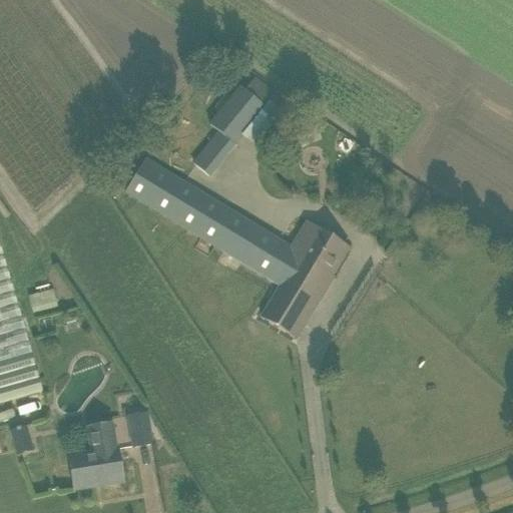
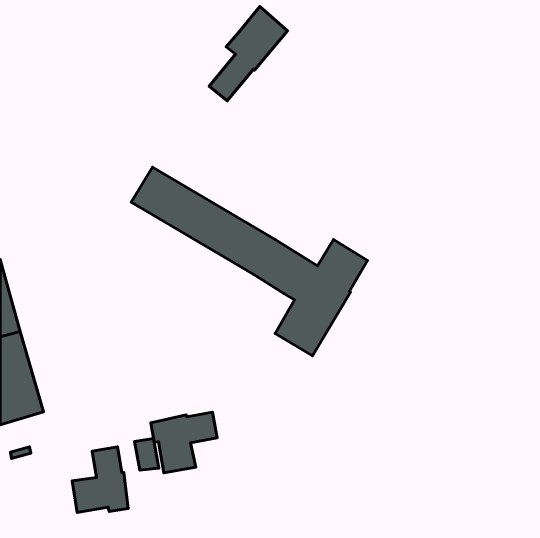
building: [192,86,267,175] -> [209,7,287,101]
building: none -> [151,412,217,473]

